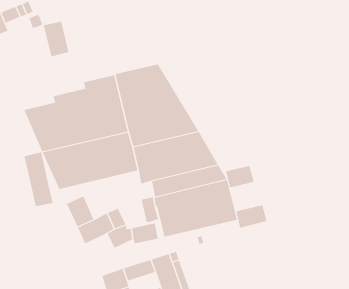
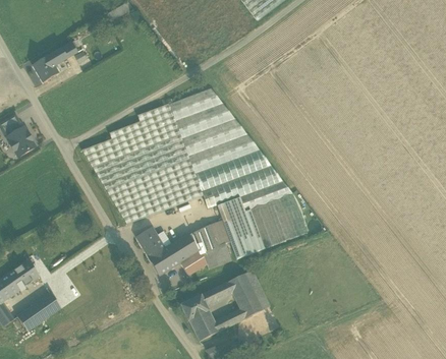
building: [43,21,69,57] -> none
building: [24,151,53,207] -> none
building: [225,165,254,188] -> none
building: none -> [187,224,226,254]
building: [236,204,267,228] -> none

